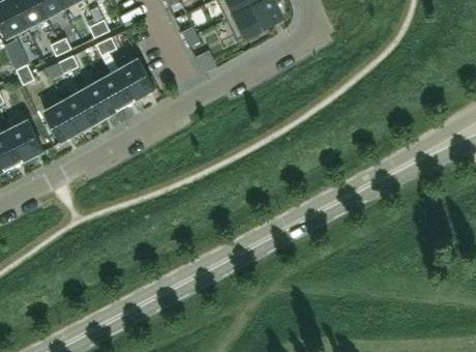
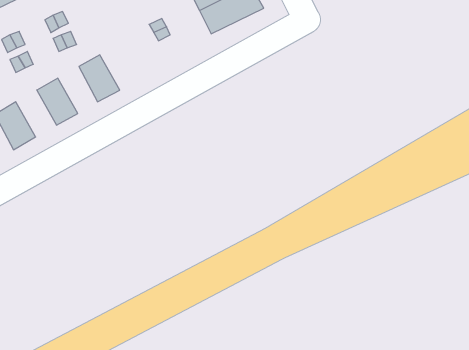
building: [100,68,136,110] -> none
building: [63,89,99,130] -> none

